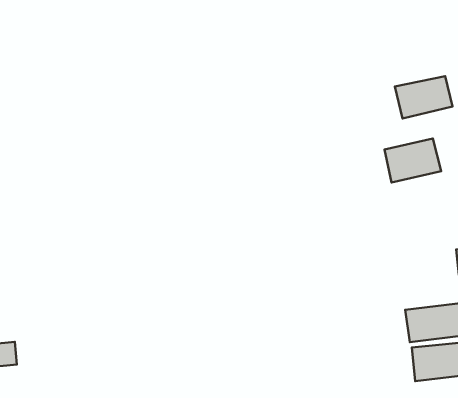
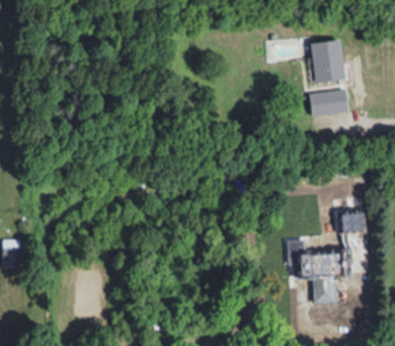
building: none -> [311,40,345,82]
building: [385,139,441,183] -> none

